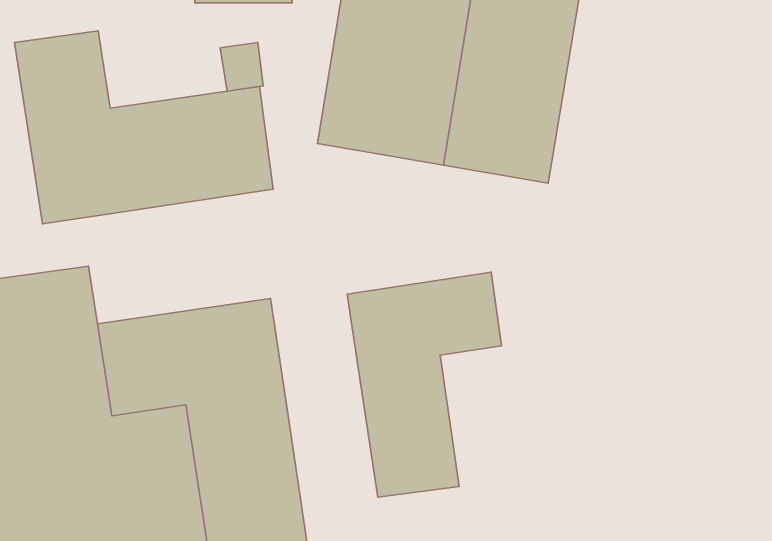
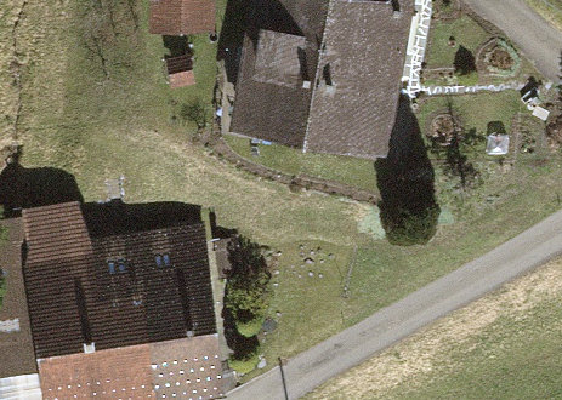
building: [15,31,273,224] -> none
building: [347,272,502,497] -> none

